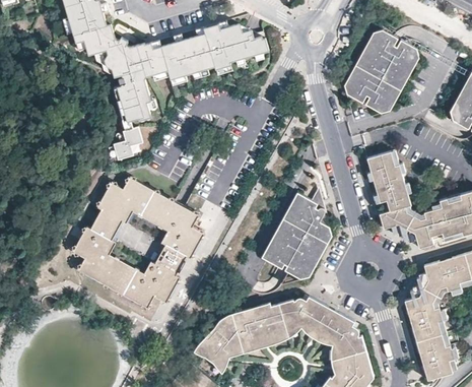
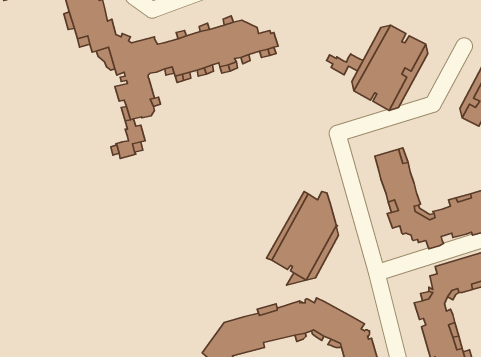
building: none -> [327,54,363,75]
building: [72,178,203,307] -> none

